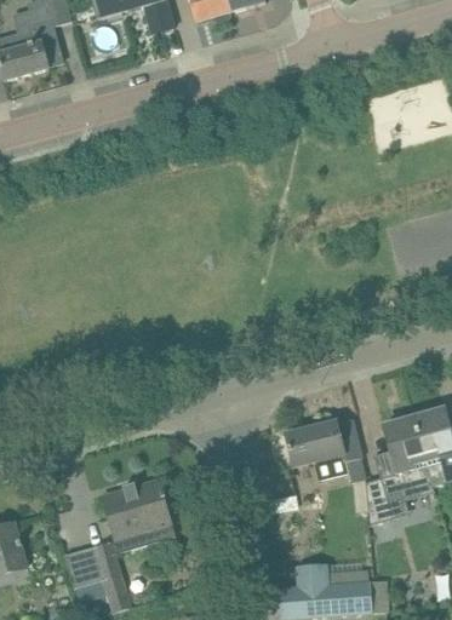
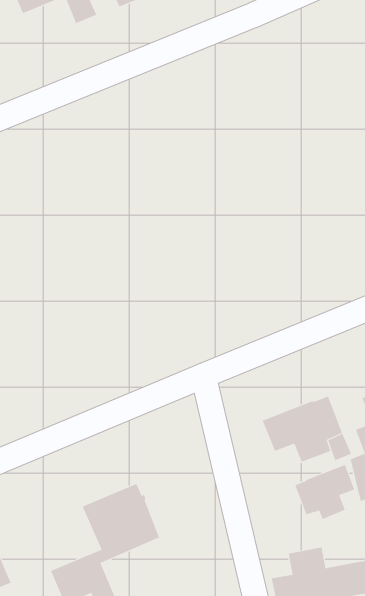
building: none -> [295,464,355,520]

